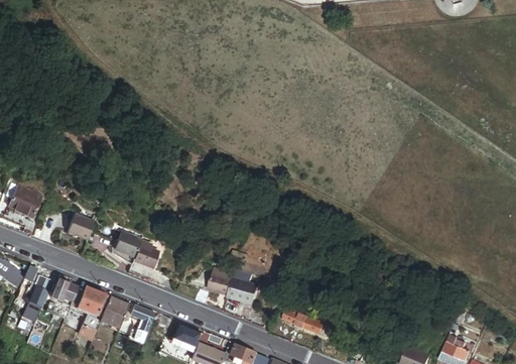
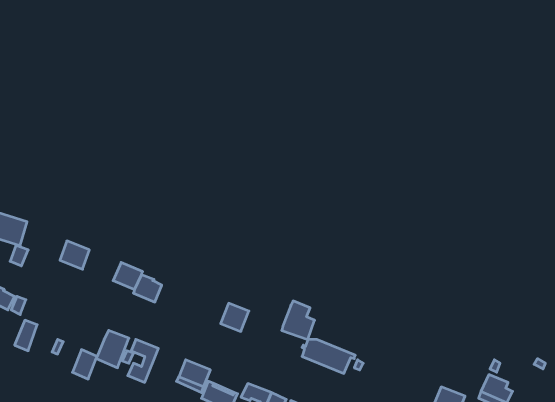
building: [227,274,256,309] -> [282,301,315,339]
building: [50,277,78,302] -> none
building: [78,285,110,313] -> none

